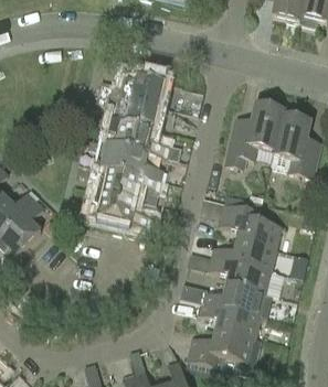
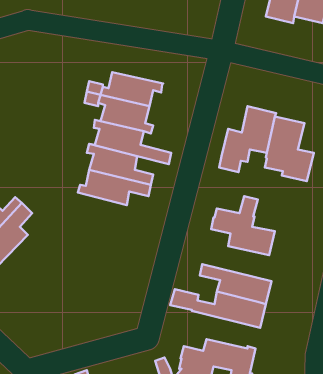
building: [88,187,151,227] -> none
building: [210,239,277,273] -> none
building: [198,302,266,338] -> none

